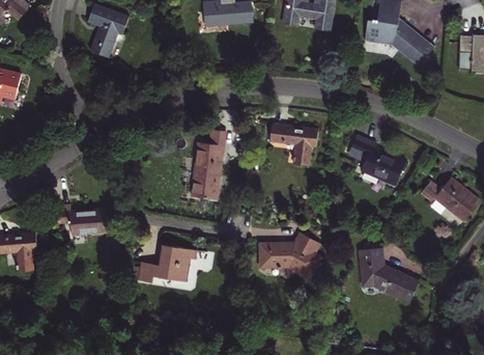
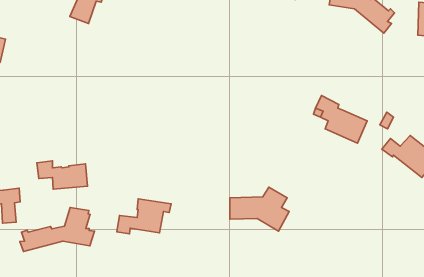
building: [269,124,317,165] -> none
building: [191,129,226,199] -> none
building: [361,247,419,300] -> none
building: none -> [20,207,95,252]

